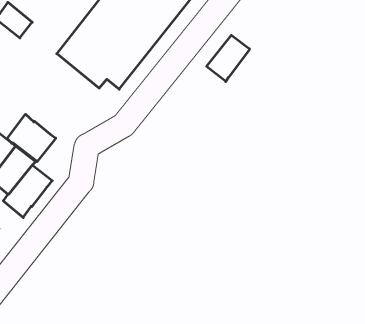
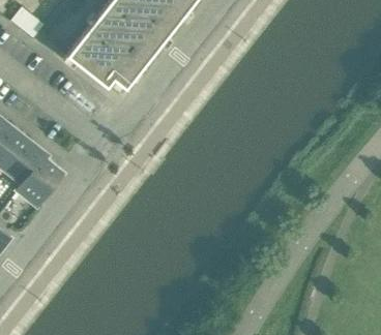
building: [207,35,249,82] -> none
building: [7,114,56,162] -> none

